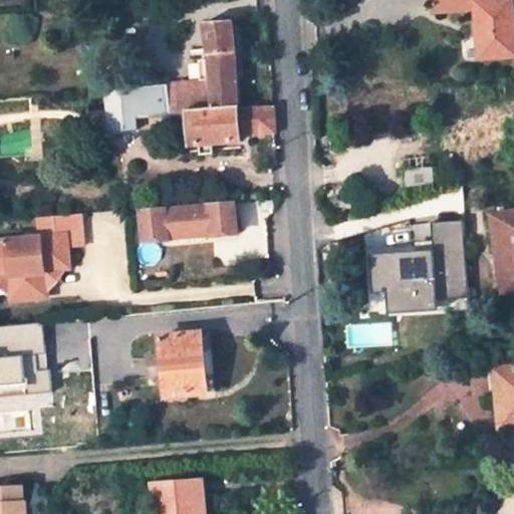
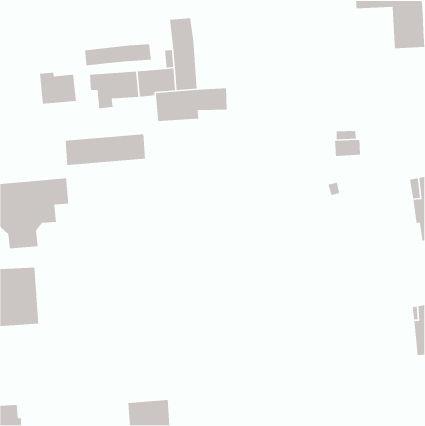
building: none -> [84,44,152,66]
building: none -> [39,72,77,105]
building: [140,204,237,243] -> [65,133,146,166]
building: [366,218,466,311] -> none
building: [150,333,215,397] -> none

